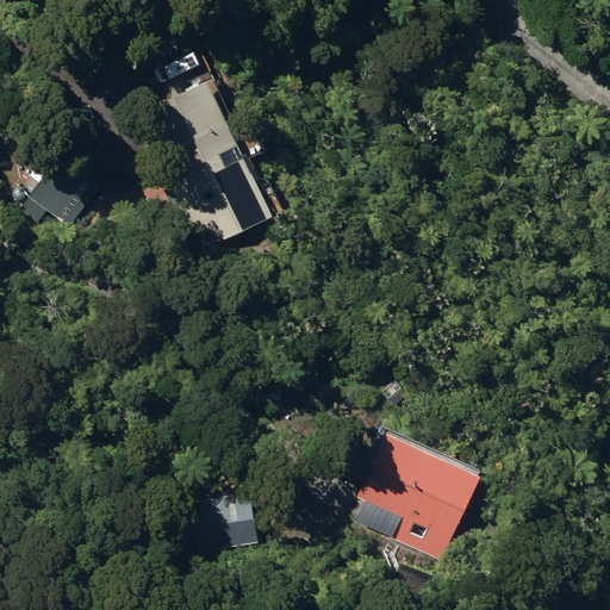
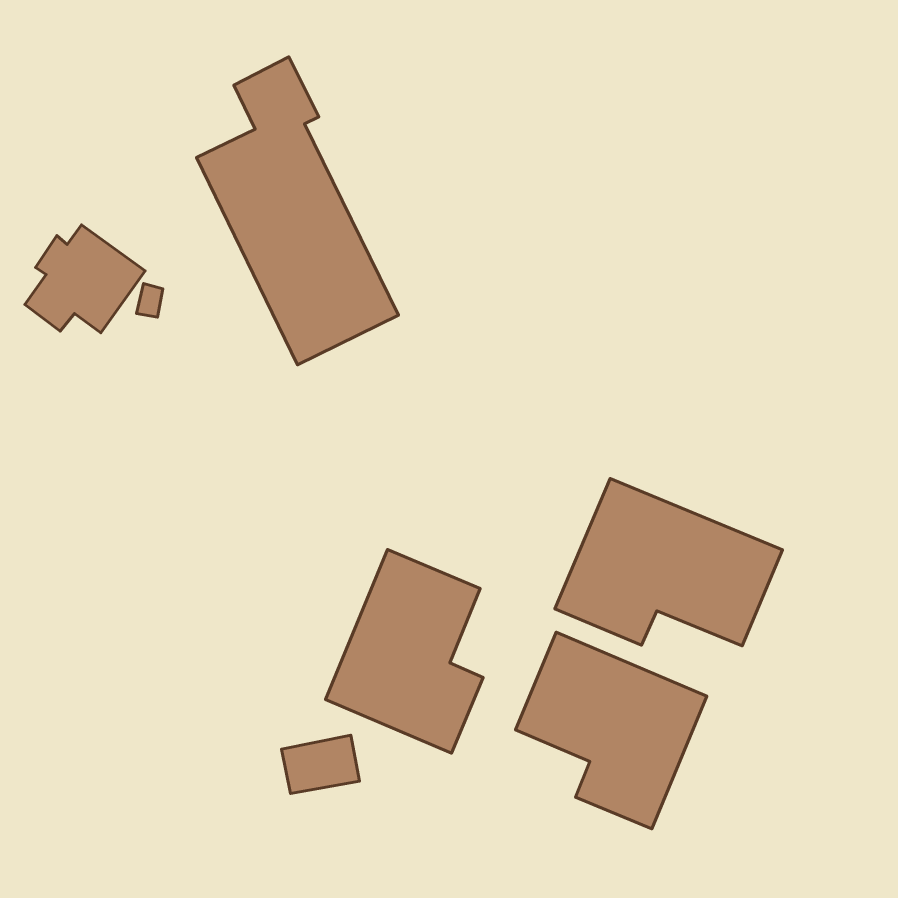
building: none -> [555,478,782,646]
building: none -> [325,550,483,753]

